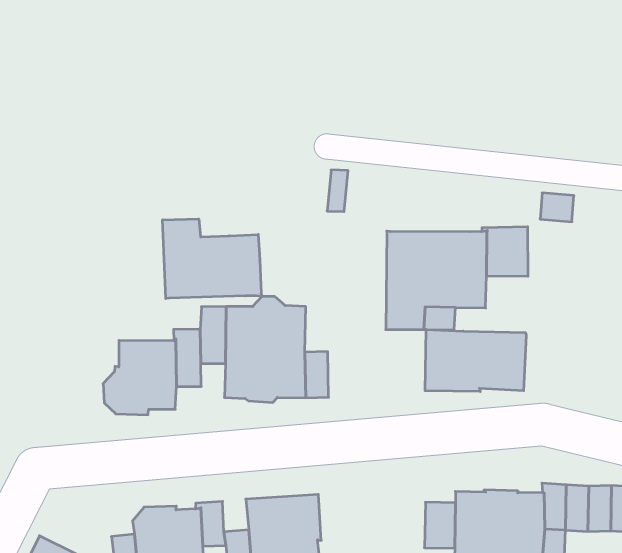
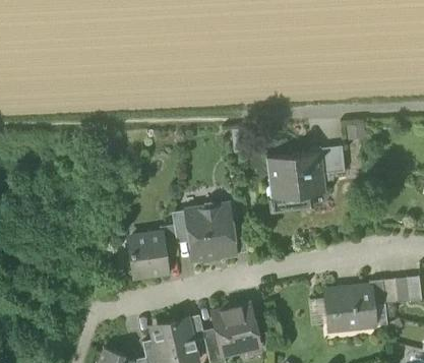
building: [163,219,262,299] -> none
building: [425,329,526,392] -> none

